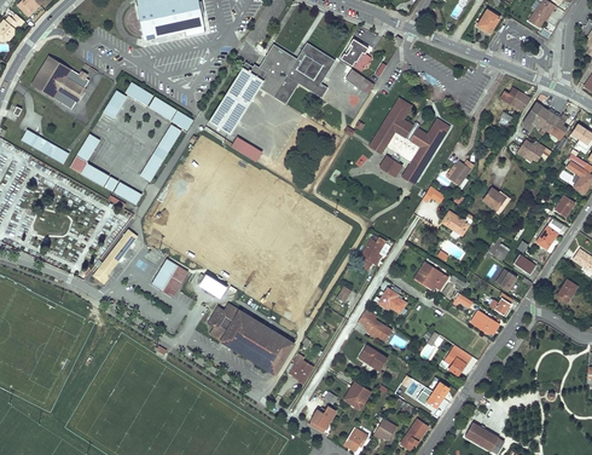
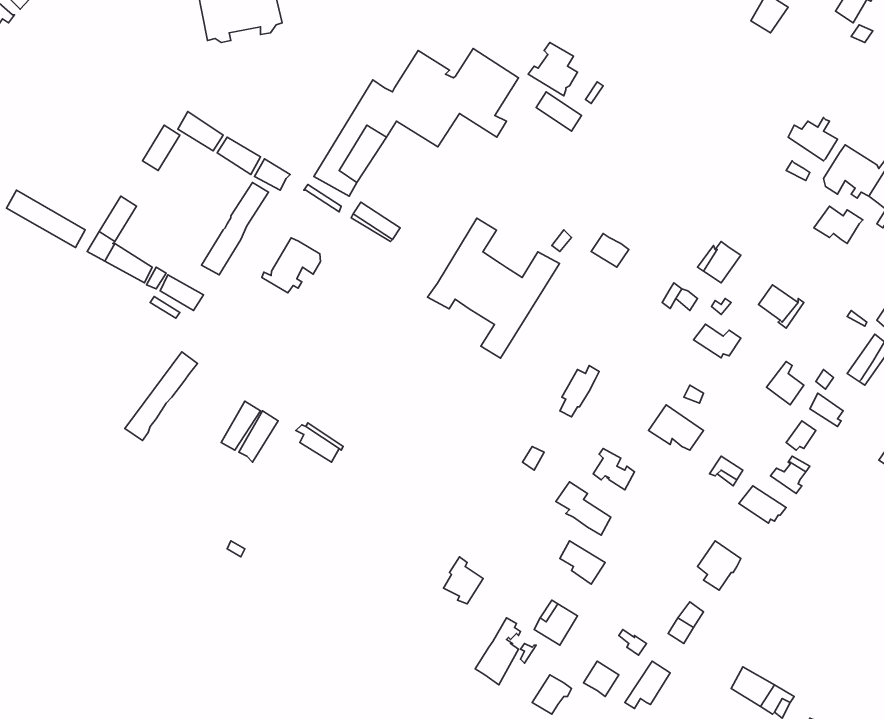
building: [31,56,89,109] -> none
building: [368,98,449,184] -> [428,218,560,358]
building: none -> [262,238,321,293]
building: [208,306,292,373] -> none

